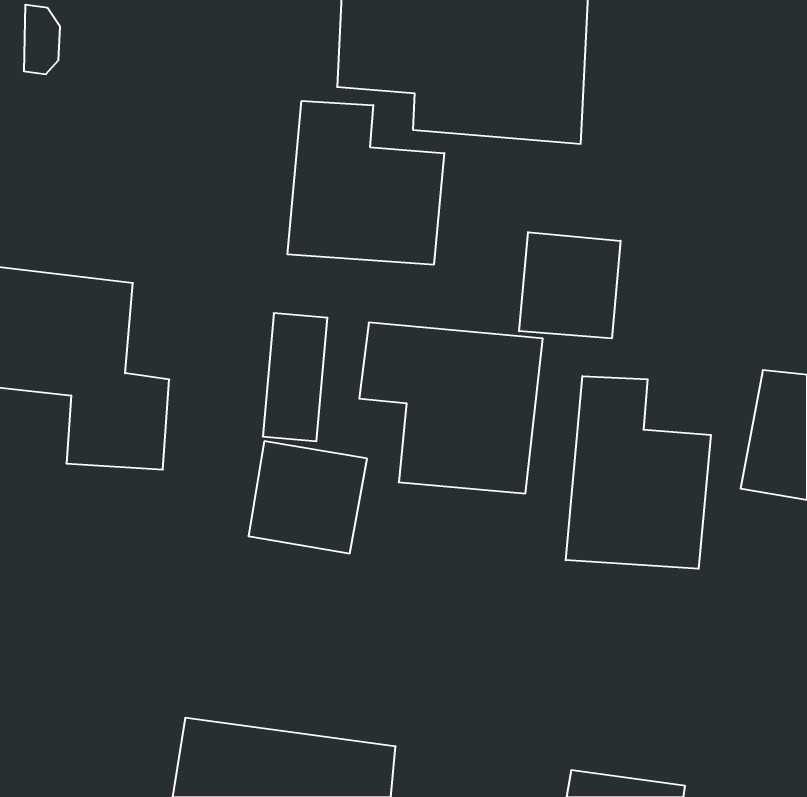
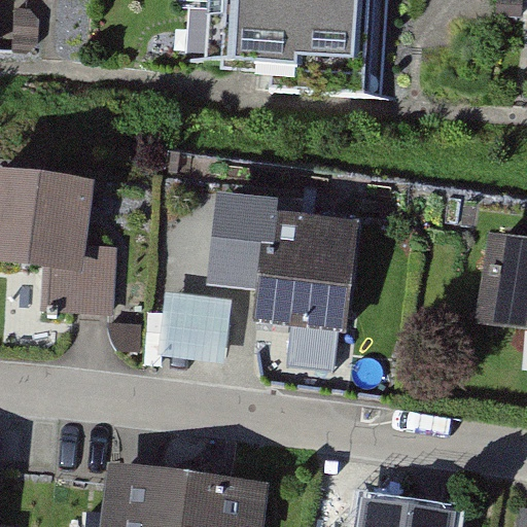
building: [288,101,444,265] -> none
building: [519,232,621,338] -> none
building: [566,376,711,569] -> none

